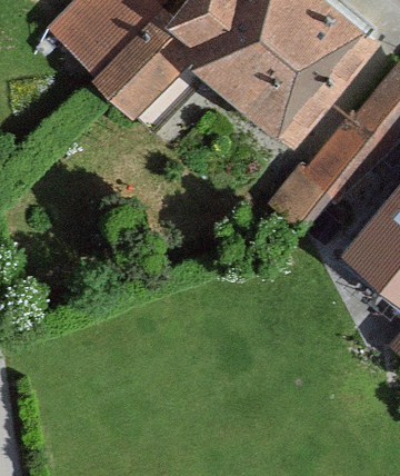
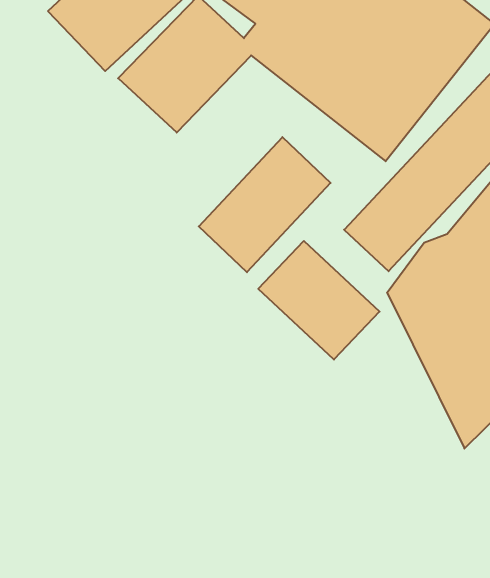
building: none -> [199,137,331,272]
building: none -> [258,241,380,360]

